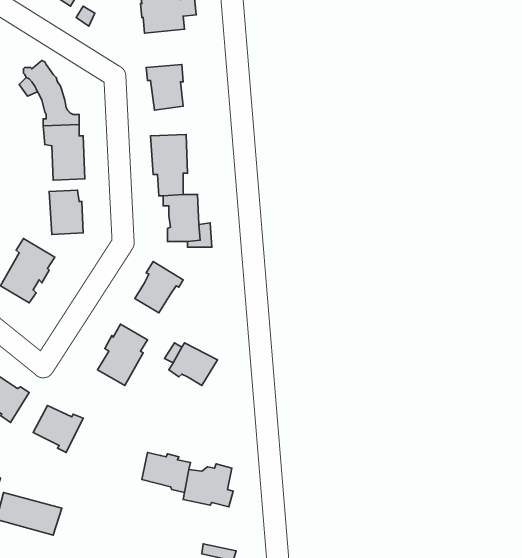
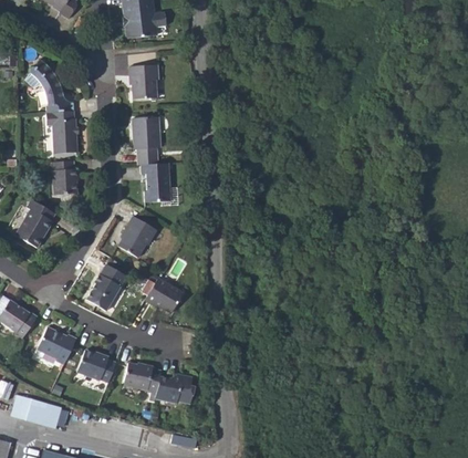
building: none -> [79,350,117,382]

